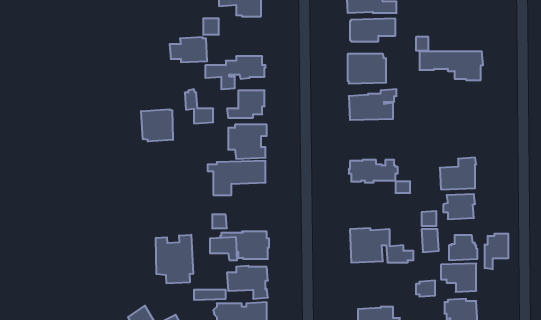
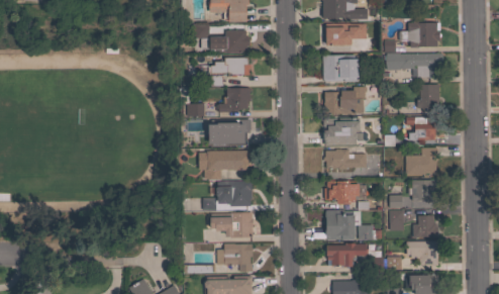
building: none -> [400,20,441,47]
building: [170,37,207,62] -> [216,30,249,53]
building: none -> [417,85,439,108]
building: [141,109,173,142] -> none
building: none -> [406,117,435,140]
building: none -> [323,118,361,145]
building: none -> [324,180,360,205]
building: none -> [216,181,252,207]
building: [485,234,508,269] -> none
building: [156,235,193,283] -> none
building: none -> [326,243,366,267]

